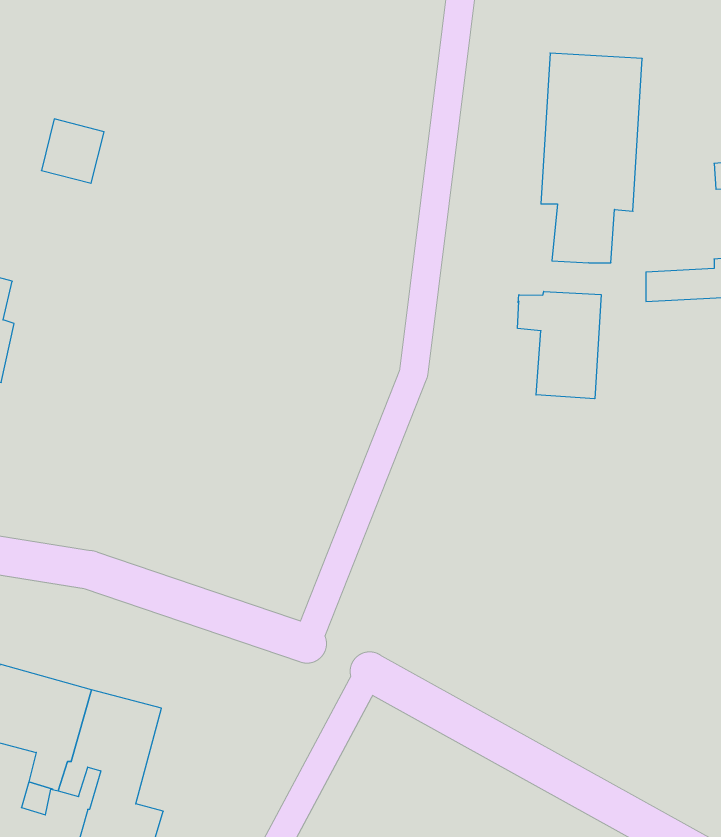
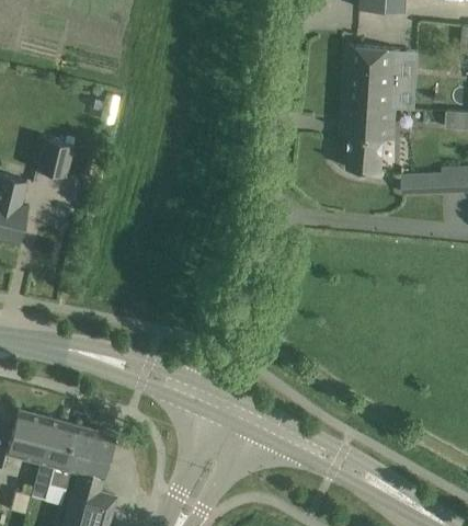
building: [41,119,104,183] -> [36,139,73,178]
building: [518,291,601,399] -> none

